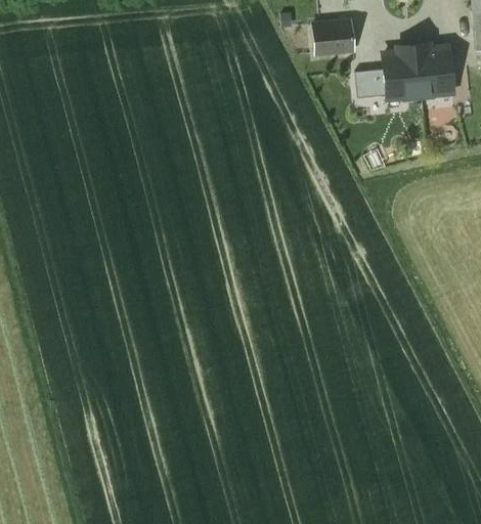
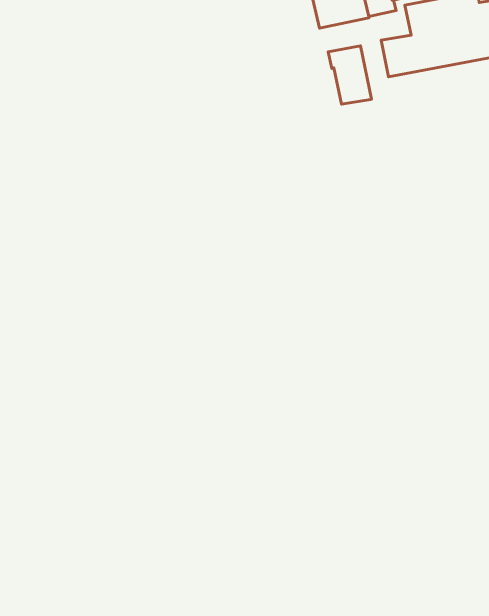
building: none -> [328,46,372,104]

